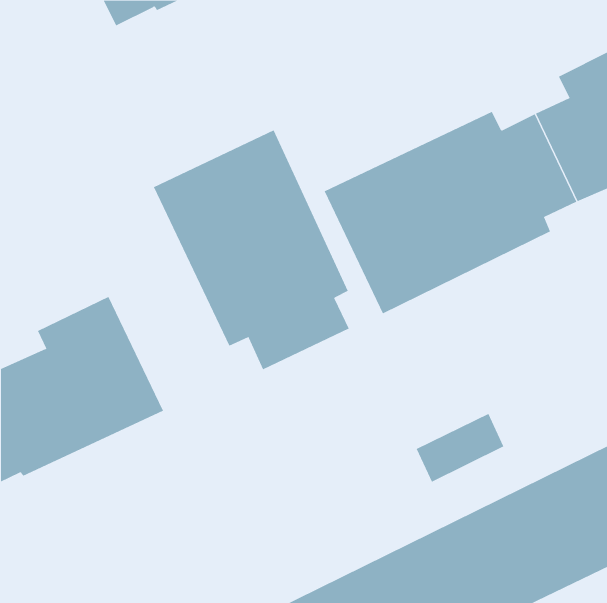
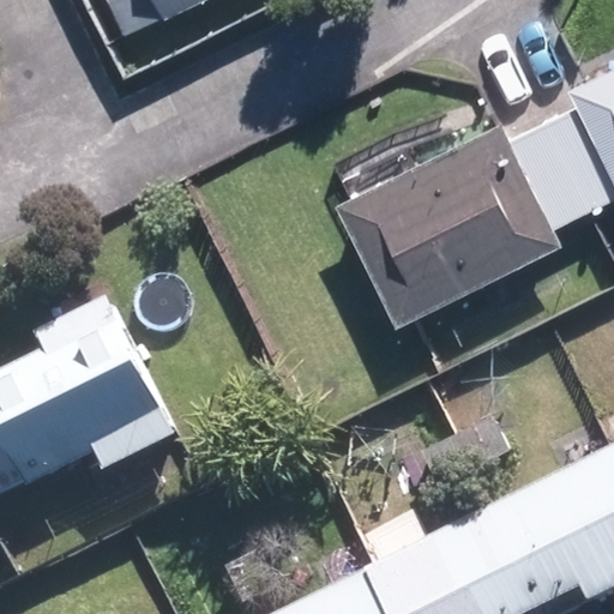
building: [153,130,349,370] -> none

